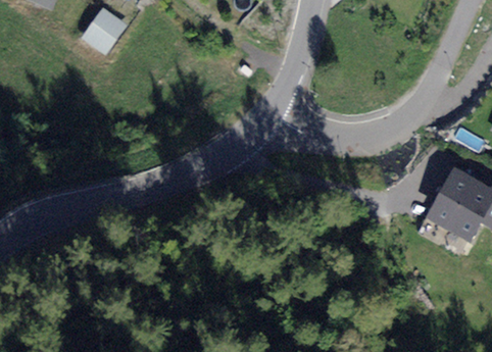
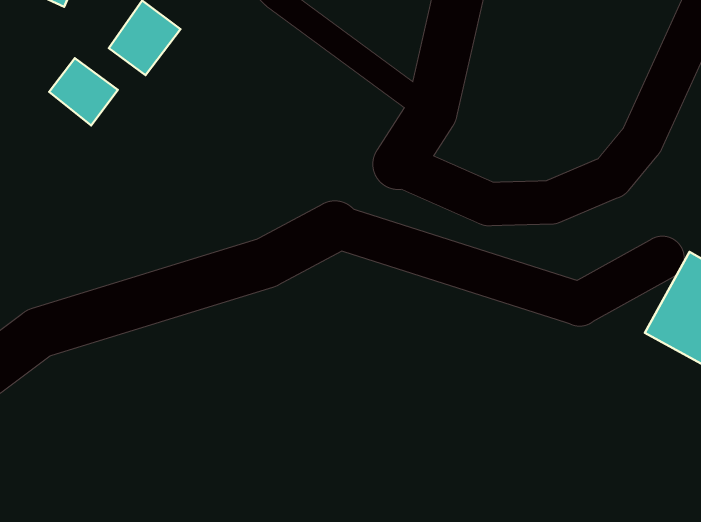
building: none -> [49,58,118,125]

